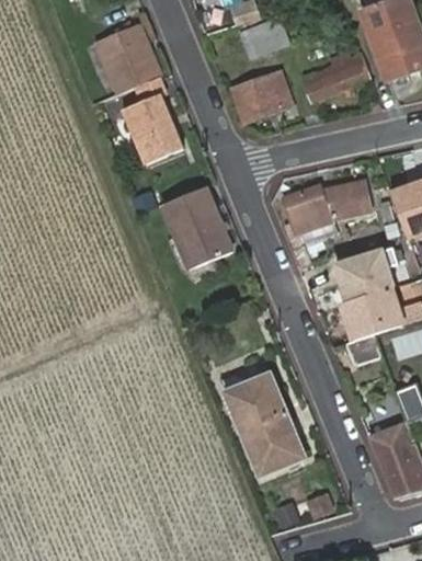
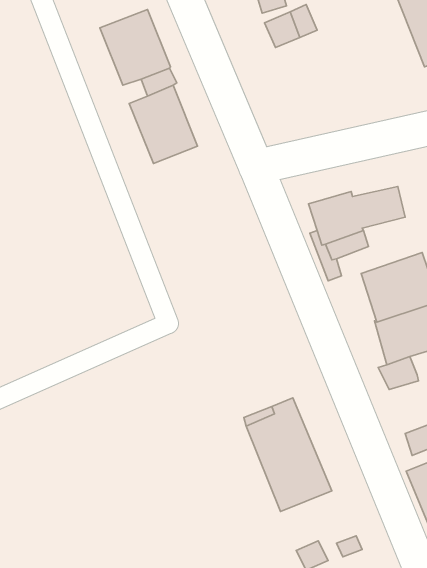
building: [305,56,370,102] -> none
building: [236,76,290,118] -> none
building: [161,186,230,268] -> none

